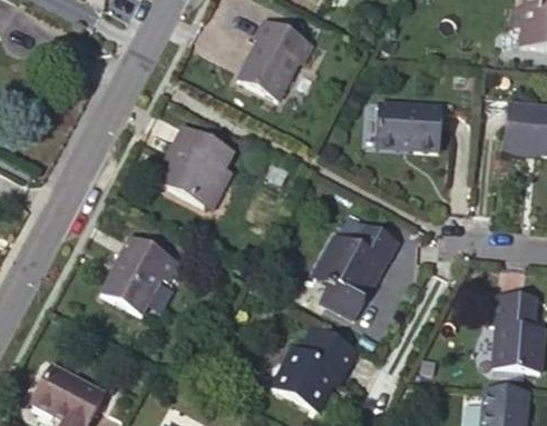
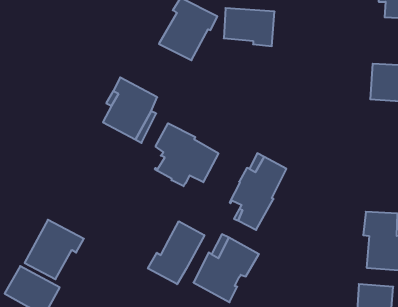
building: [375,106,441,155] -> [224,8,275,46]
building: none -> [155,123,218,186]
building: [100,239,177,316] -> [25,220,84,279]
building: none -> [148,221,204,284]

